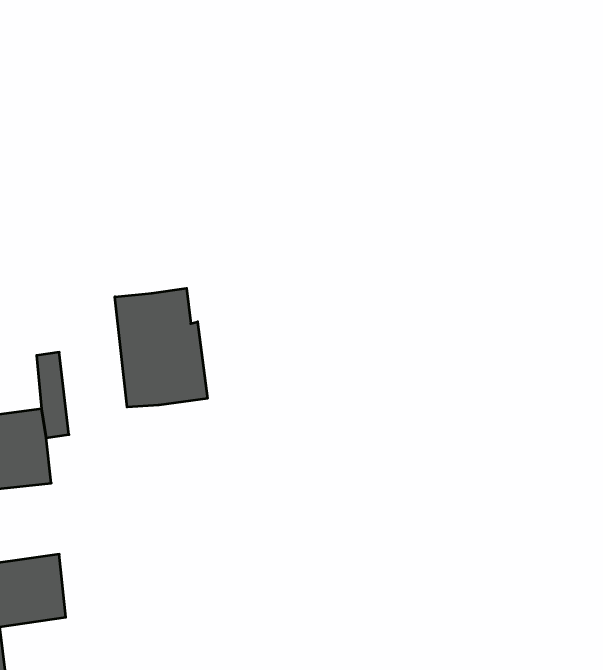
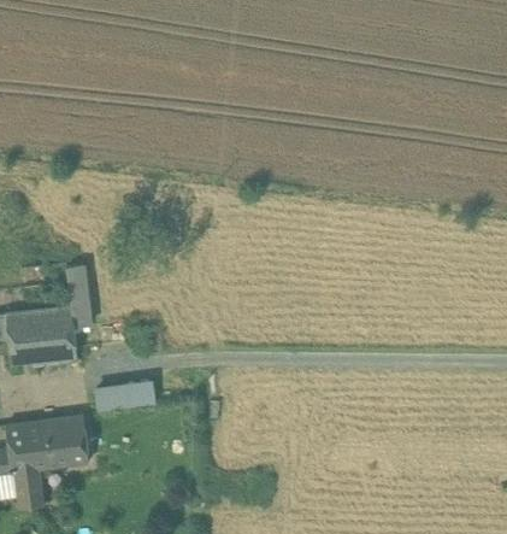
building: [115,288,207,407] -> none
building: none -> [94,379,157,411]

